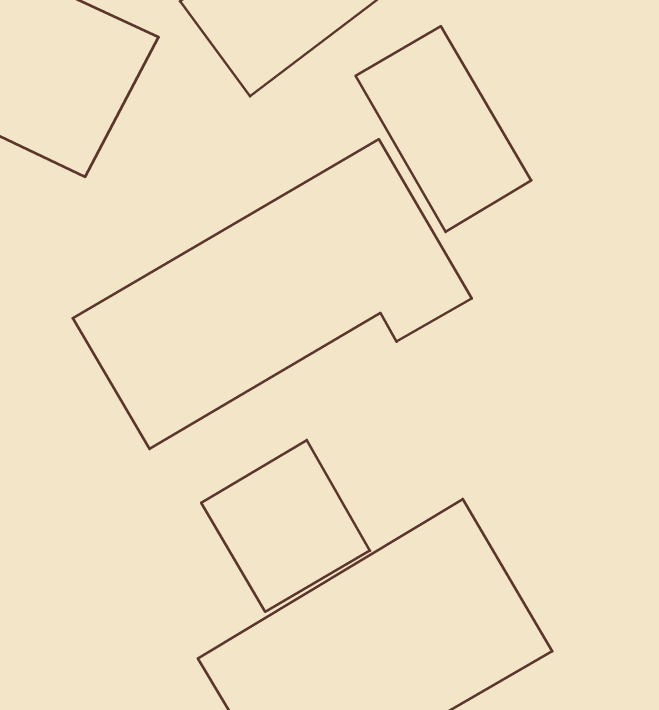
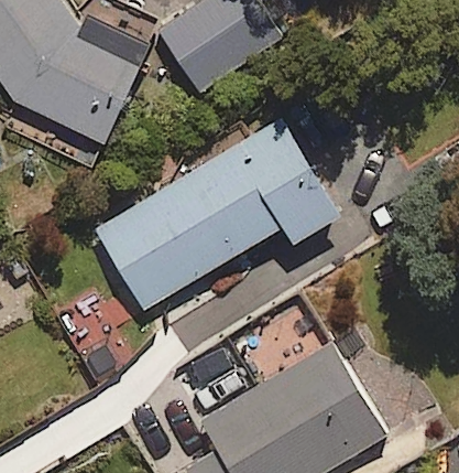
building: [356,26,531,232] -> none
building: [201,440,370,612] -> none

